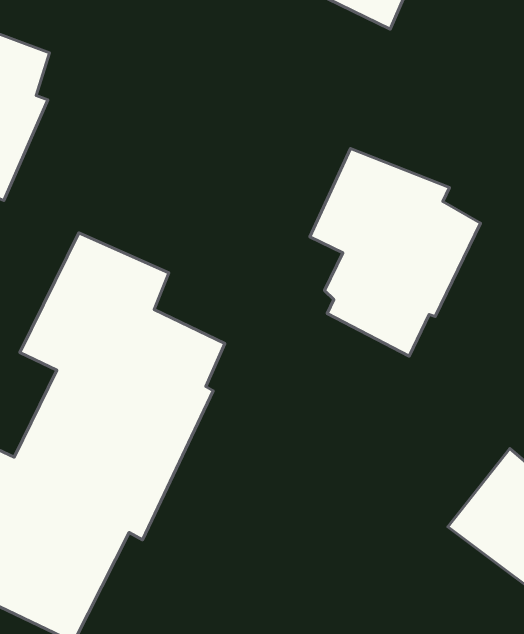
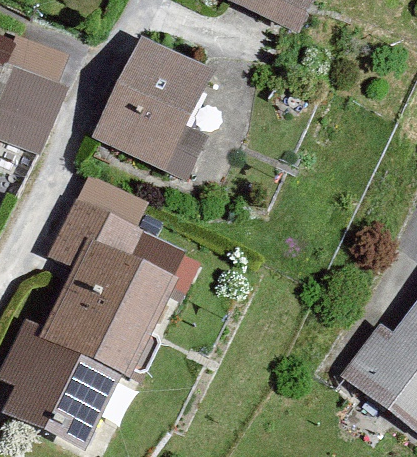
building: none -> [94,36,214,182]
building: [310,149,480,356] -> none

